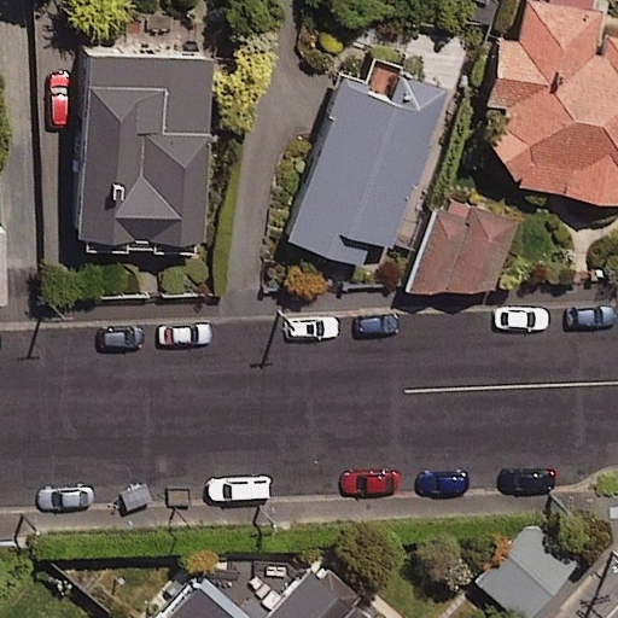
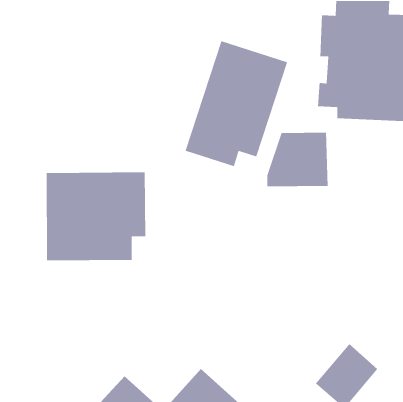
building: [77,45,212,255] -> none
building: none -> [46,172,146,261]

